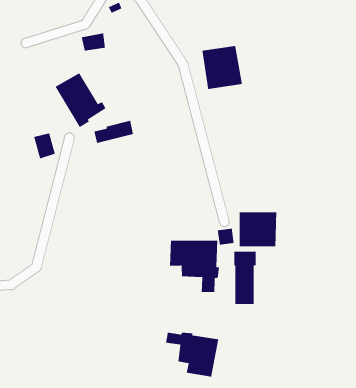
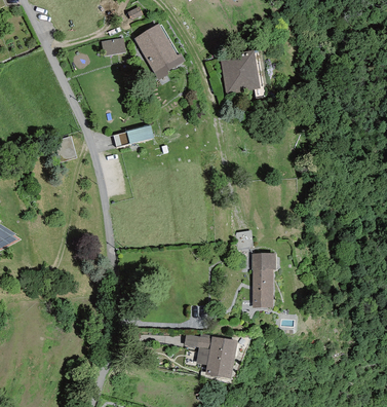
building: [55,72,107,128] -> [133,25,185,80]
building: [239,212,277,247] -> none
building: [169,240,220,293] -> none

